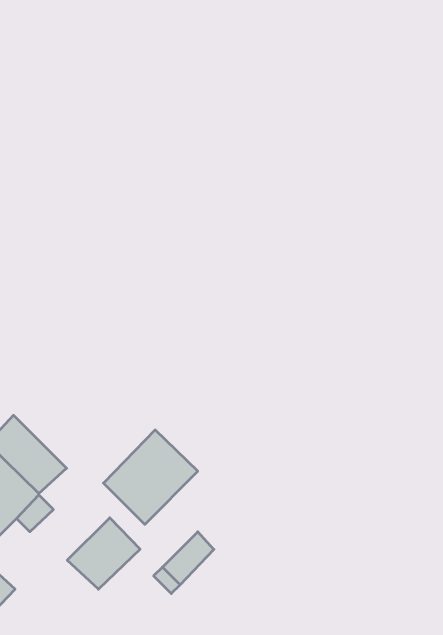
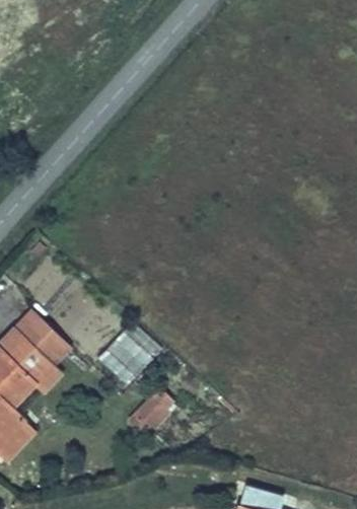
building: [67,518,140,589] -> none

